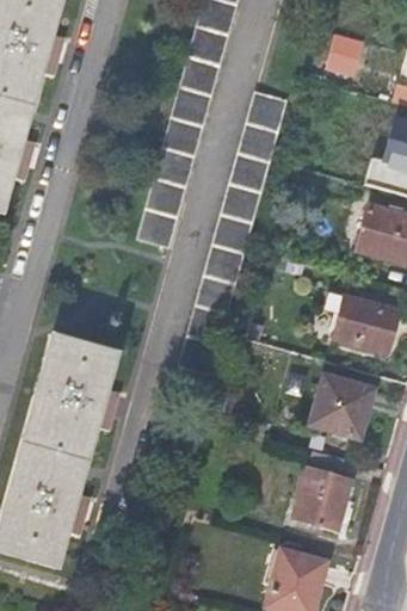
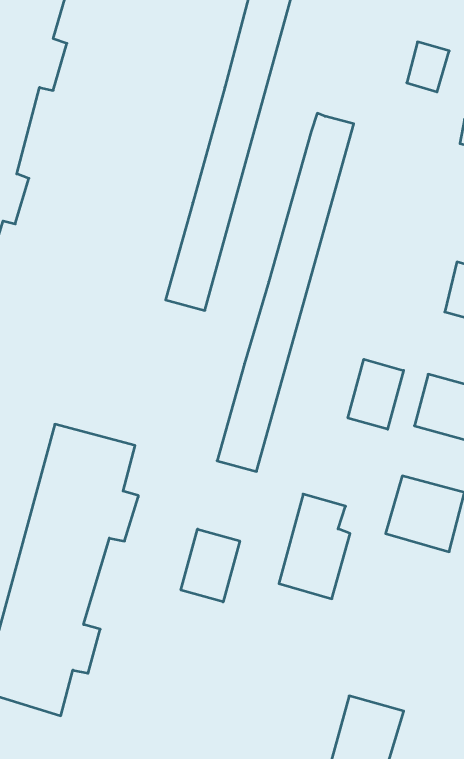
building: none -> [348,359,404,429]
building: none -> [181,529,240,602]
building: [294,449,350,531] -> [279,494,350,599]

